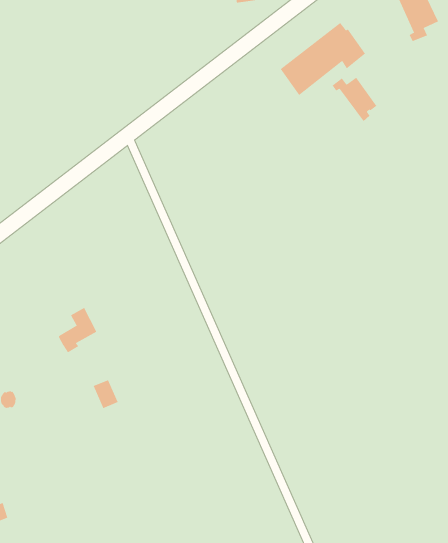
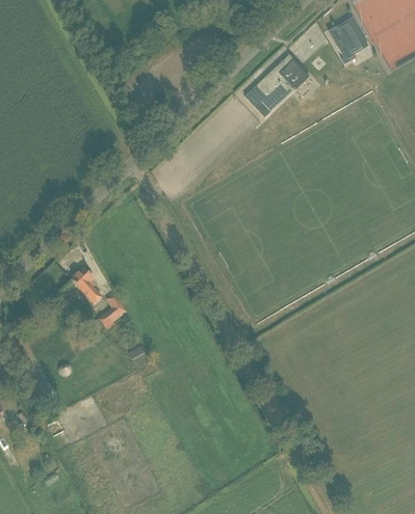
building: [332,77,377,122] -> none
building: none -> [71,267,103,303]

